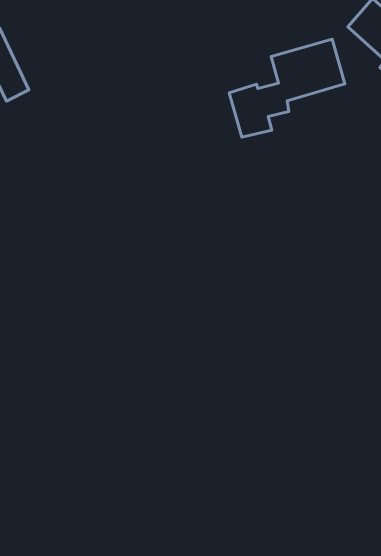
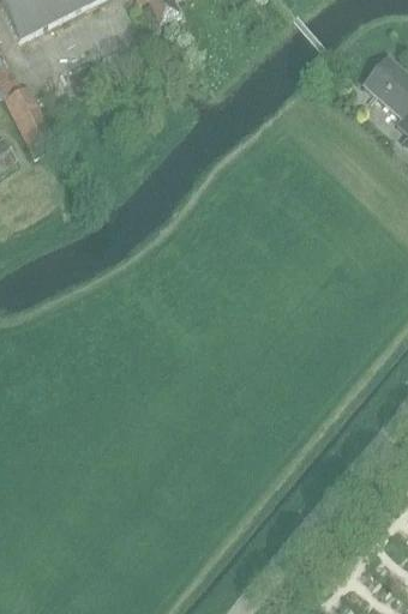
building: [229,39,345,137] -> none

